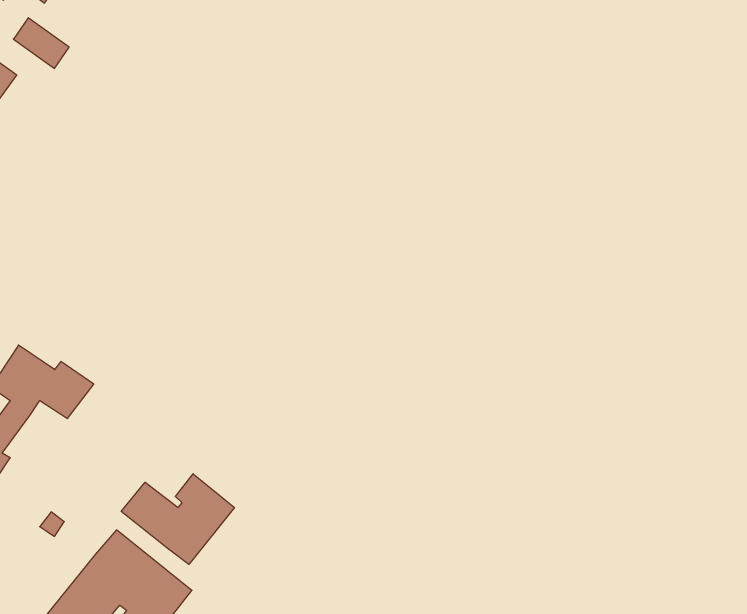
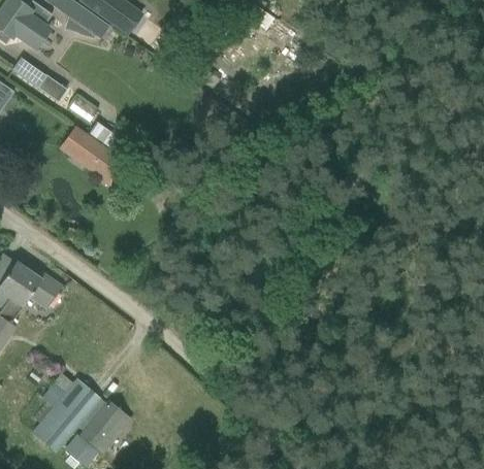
building: none -> [65,125,126,182]
building: [121,474,234,564] -> none

